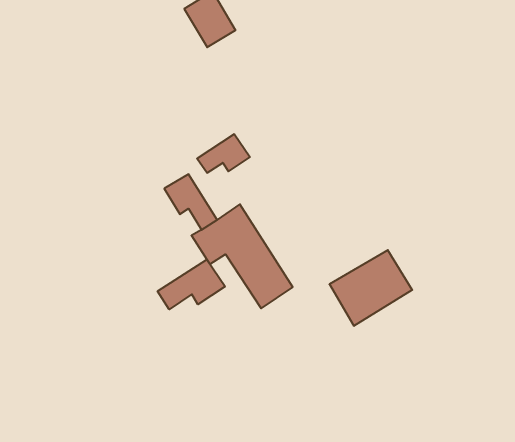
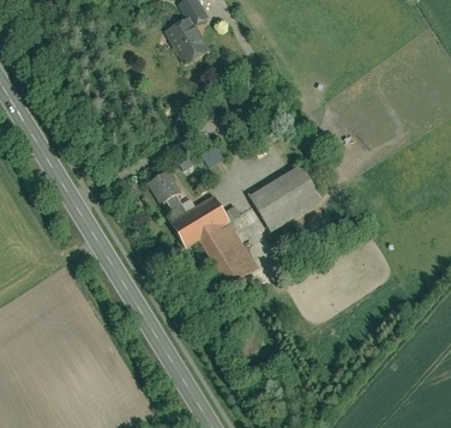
building: [329,250,412,326] -> [251,165,320,229]
building: [158,259,225,309] -> none

